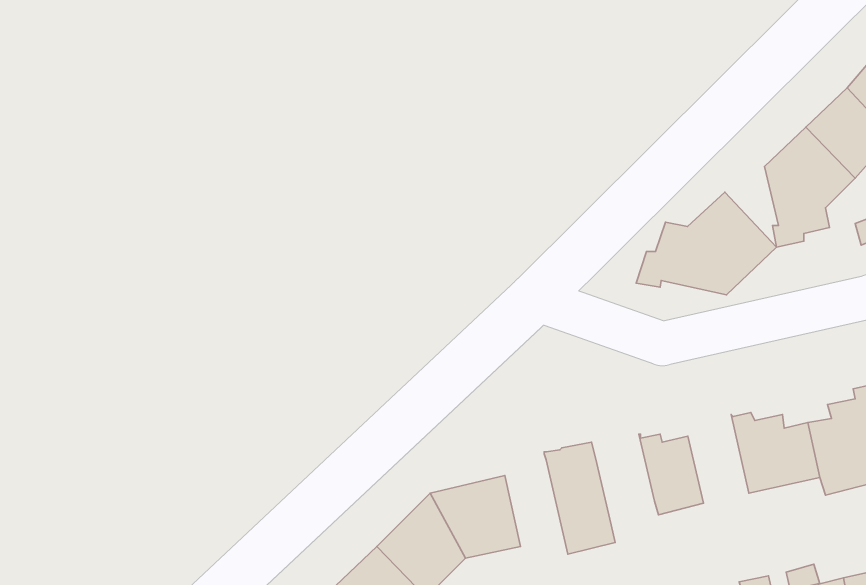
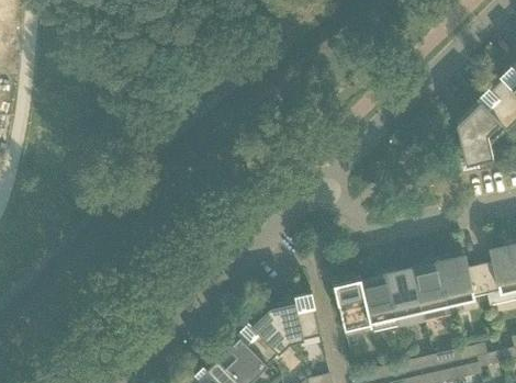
building: [636,192,776,295] -> none
building: none -> [414,260,451,320]
building: none -> [362,271,400,331]

